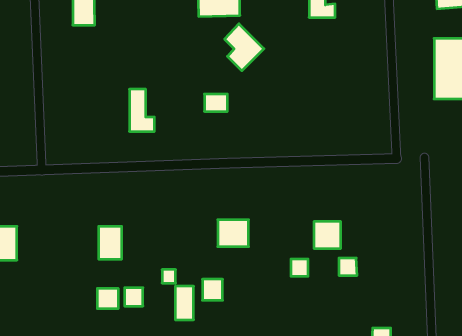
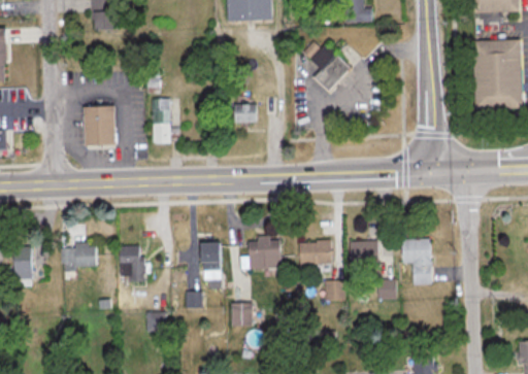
building: [225,24,264,71] -> [309,42,352,93]
building: none -> [82,106,116,146]
building: none -> [402,240,431,284]
building: none -> [300,241,331,264]
building: none -> [63,245,97,268]
building: [175,286,194,320] -> [201,243,221,279]
building: [97,288,118,309] -> none

